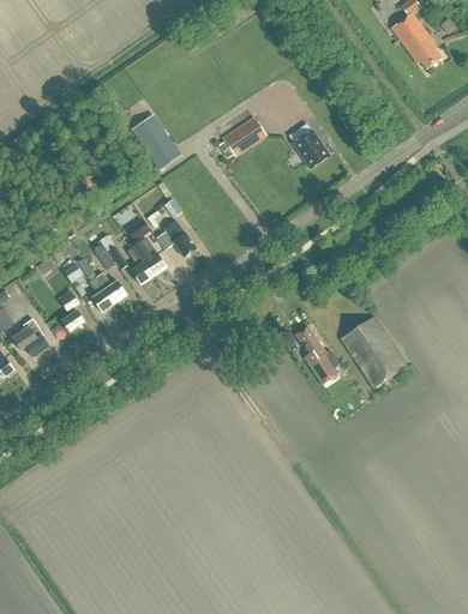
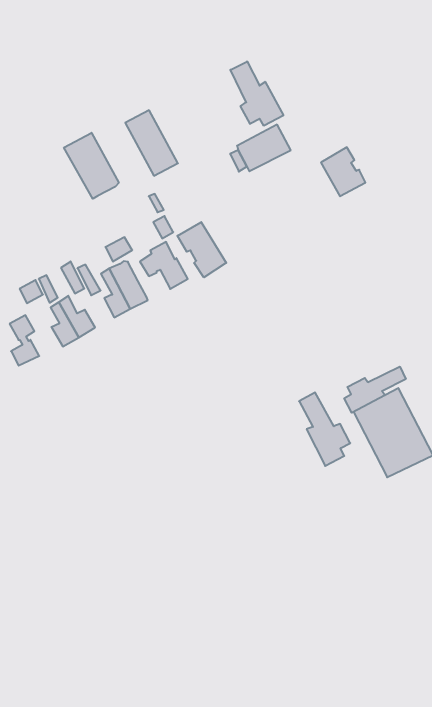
building: none -> [230,61,283,126]
building: none -> [64,133,119,199]
building: none -> [177,222,226,277]
building: none -> [344,367,406,413]

